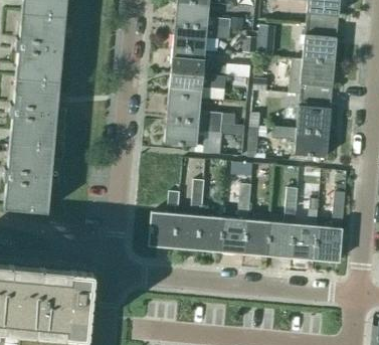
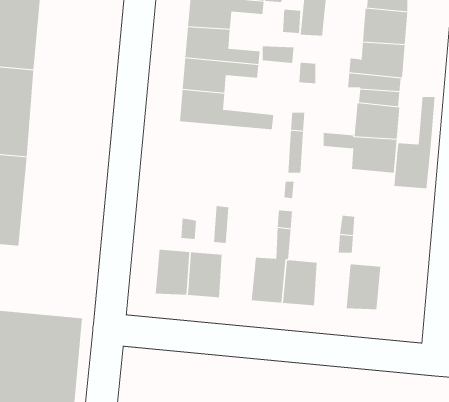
building: [165,119,244,146] -> none
building: [314,192,345,261] -> [393,97,435,189]
building: [197,217,223,251] -> none
building: [267,223,294,257] -> none

